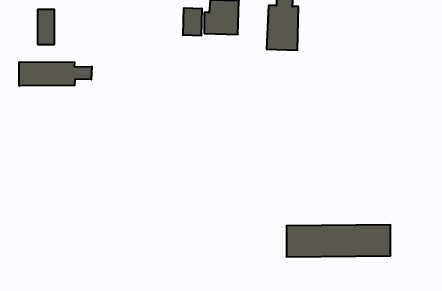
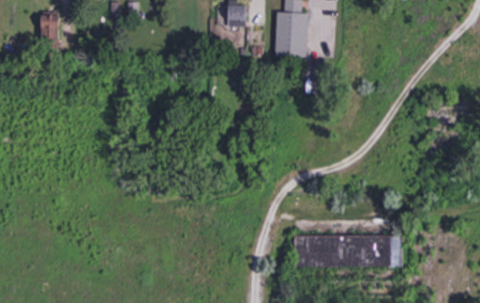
building: [183,8,202,36] -> none
building: [19,62,92,86] -> none

